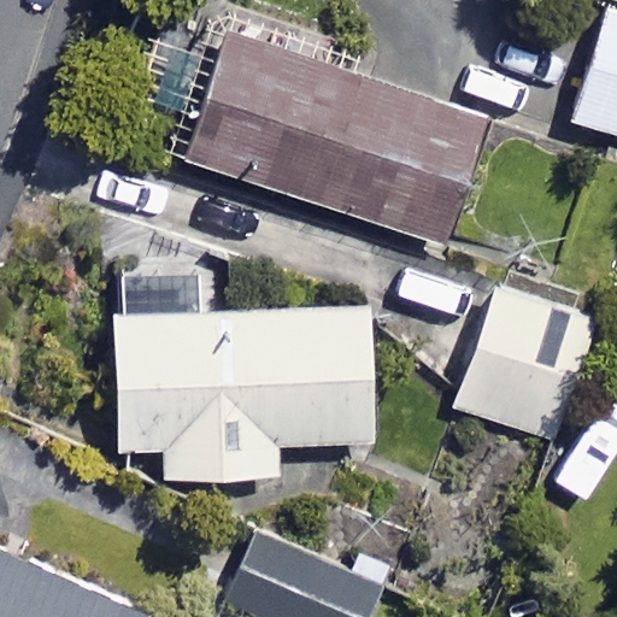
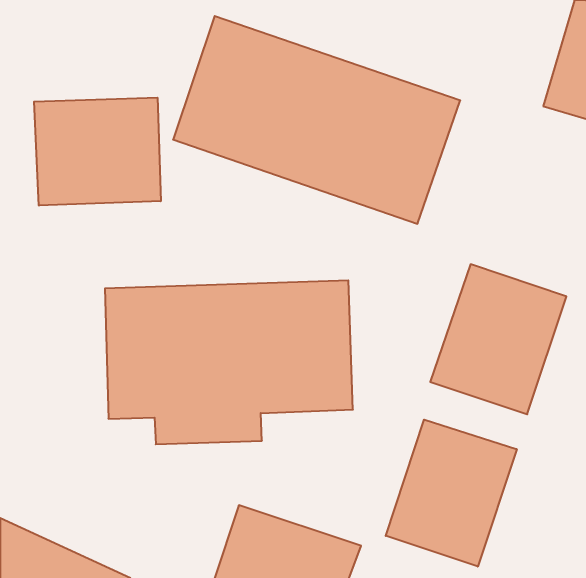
building: none -> [34,98,161,206]
building: none -> [386,420,517,567]

